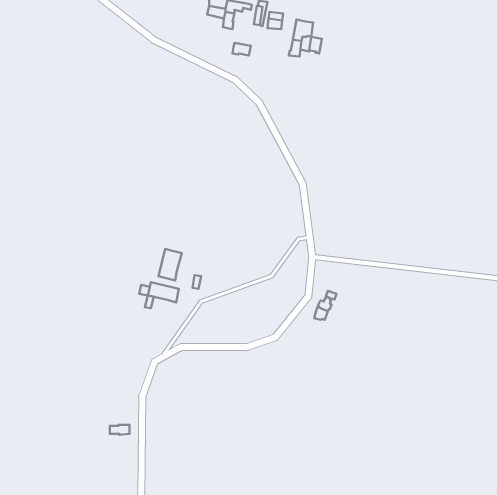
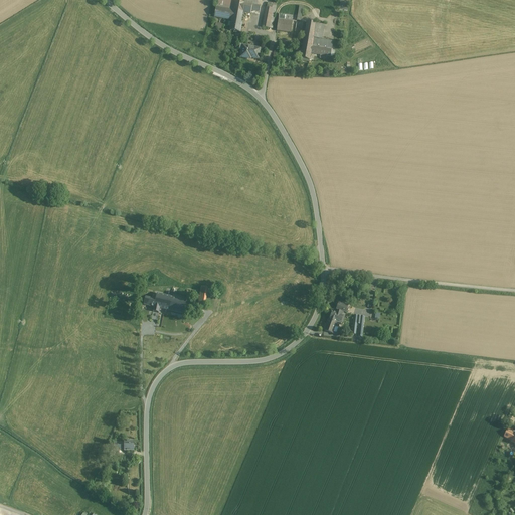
building: [159,249,182,280] -> none

